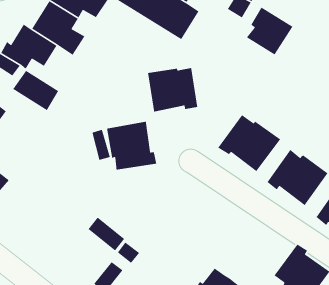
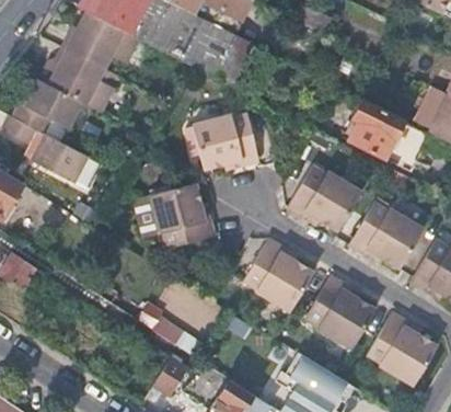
building: [246,6,294,55] -> [348,100,405,158]
building: none -> [243,240,313,311]
building: none -> [303,276,374,350]

